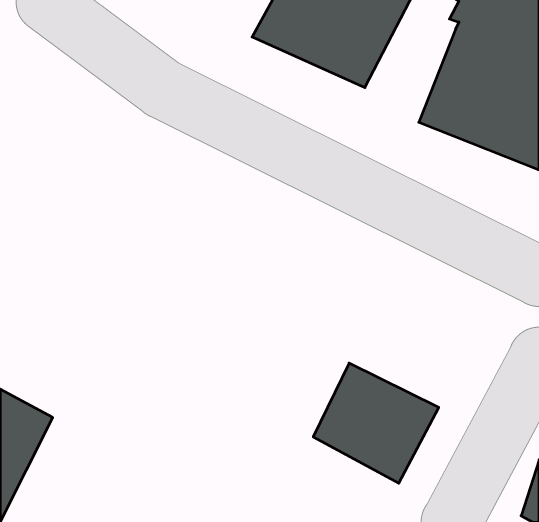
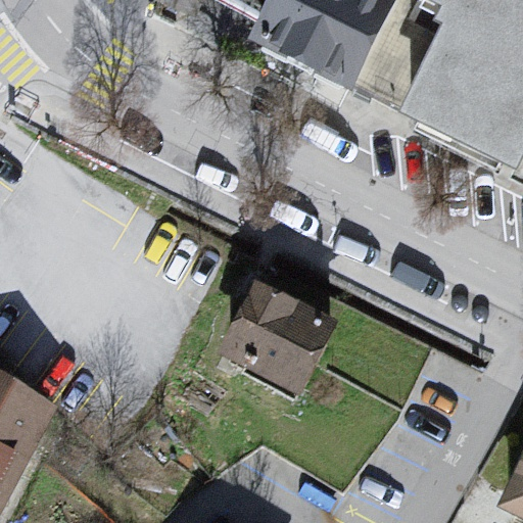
building: [313,363,439,483] -> [217,280,338,396]

